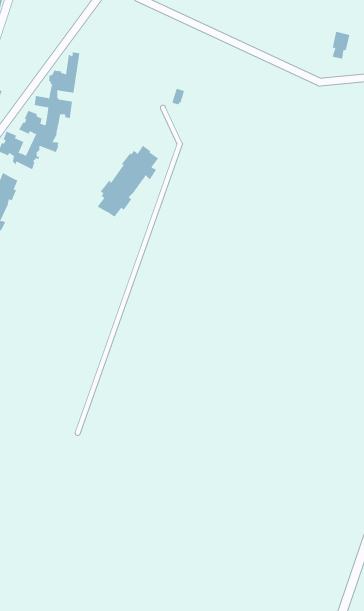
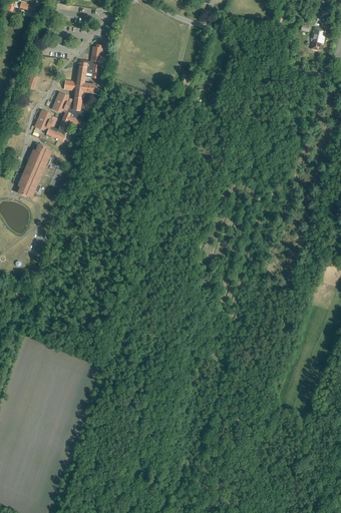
building: [97,145,159,218] -> none

